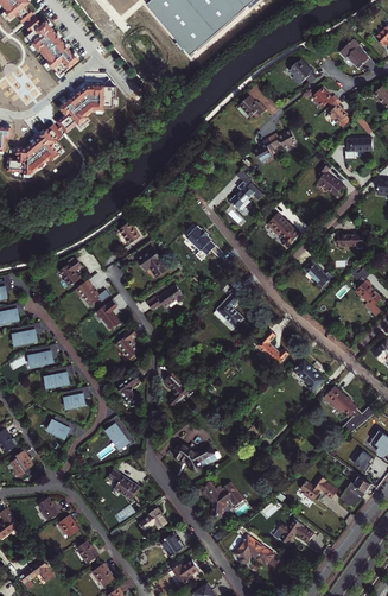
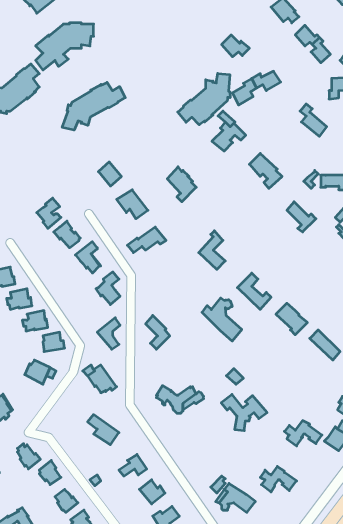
building: none -> [178,73,230,125]
building: none -> [62,82,125,130]
building: none -> [202,298,242,341]
building: [198,481,243,516] -> [221,394,267,431]

